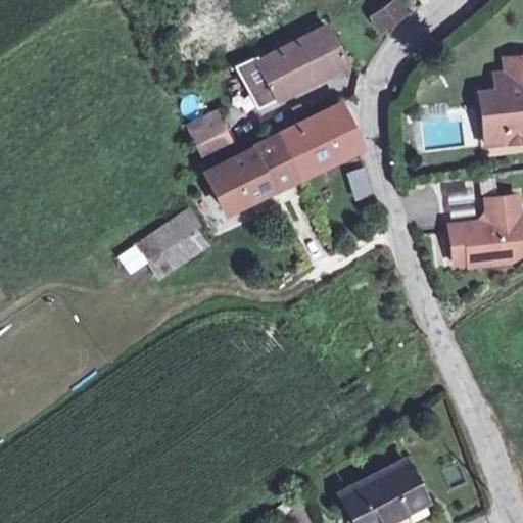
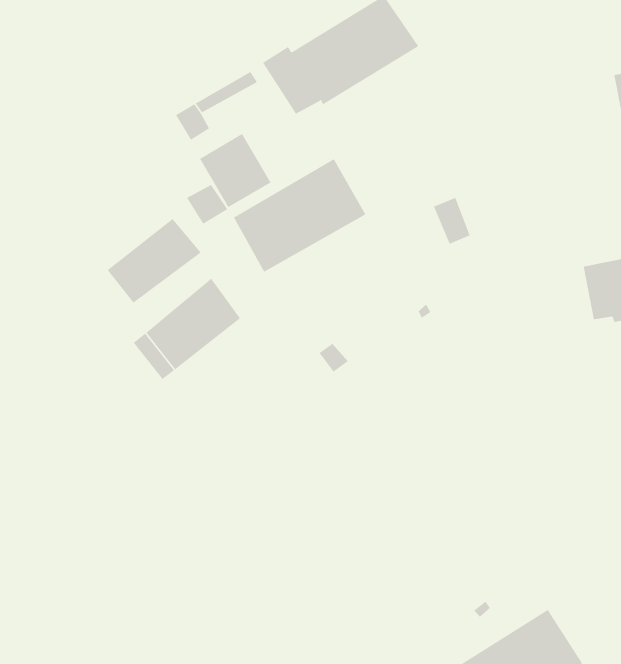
building: [281,104,361,176] -> none
building: none -> [107,218,202,303]

